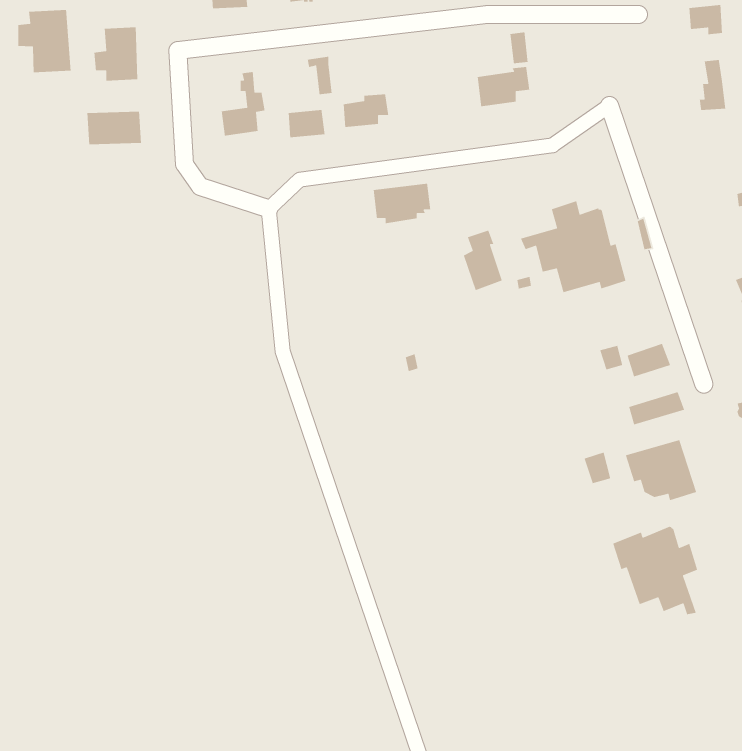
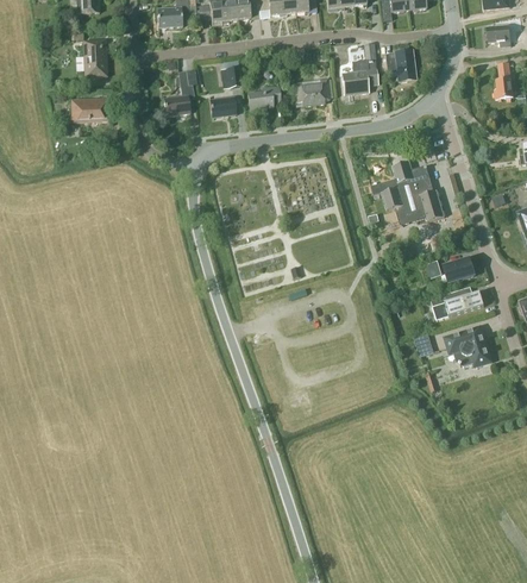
building: [17,9,71,73] -> none
building: none -> [384,49,415,81]
building: [373,183,431,224] -> [293,77,333,106]
building: [463,230,503,291] -> none
building: [612,526,698,615] -> none

